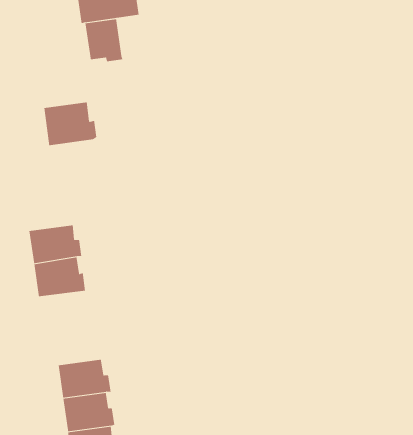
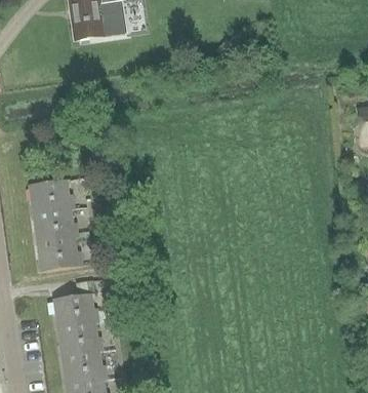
building: [85,18,123,62] -> none
building: [44,102,97,146] -> [30,179,75,215]
building: none -> [54,293,98,328]

